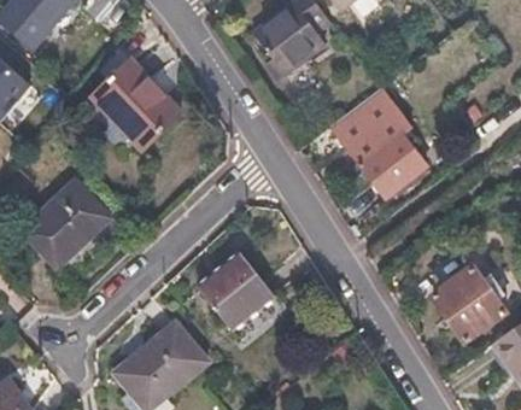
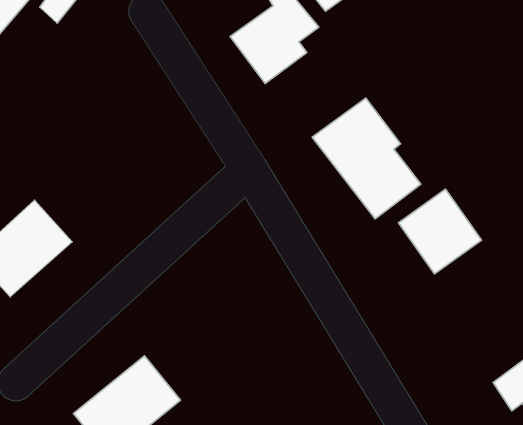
building: [92,60,182,151] -> none
building: [200,254,275,328] -> none
building: [433,266,508,342] -> [398,189,482,274]

